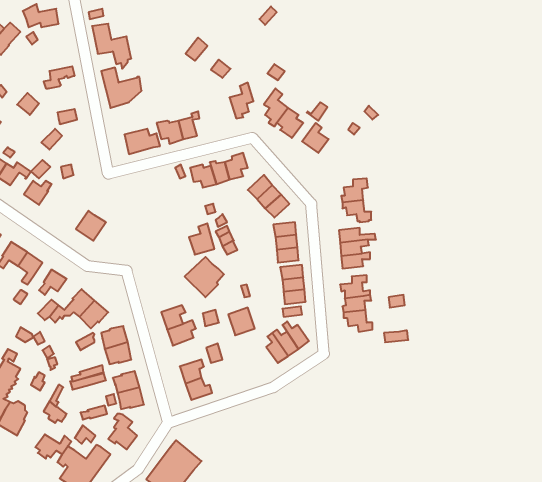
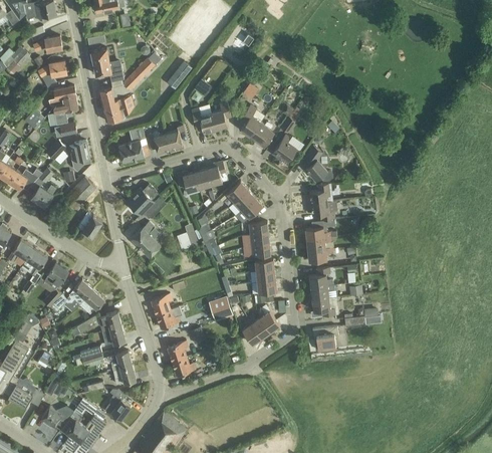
building: none -> [110,58,154,99]
building: none -> [38,61,66,89]
building: none -> [52,94,77,125]
building: none -> [191,106,216,134]
building: none -> [68,141,90,171]
building: none -> [304,146,332,183]
building: none -> [63,177,95,210]
building: none -> [127,185,160,215]
building: [185,257,224,297] -> [131,222,165,257]
building: none -> [312,326,337,352]

